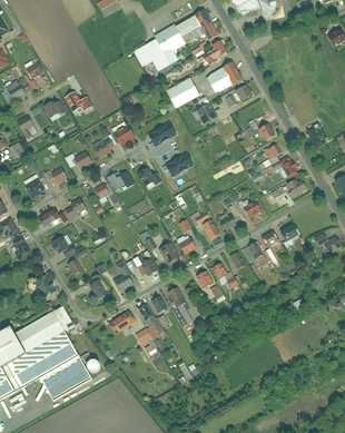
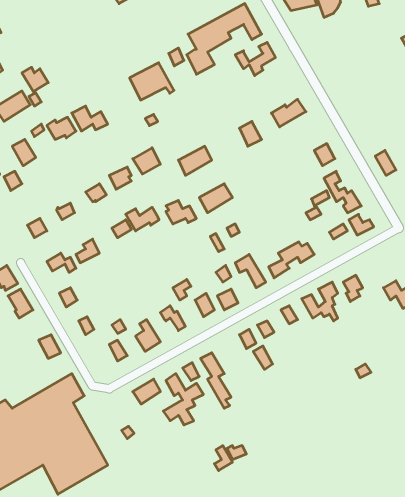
building: [207,62,238,91] -> none
building: [167,78,203,108] -> [130,63,174,100]

